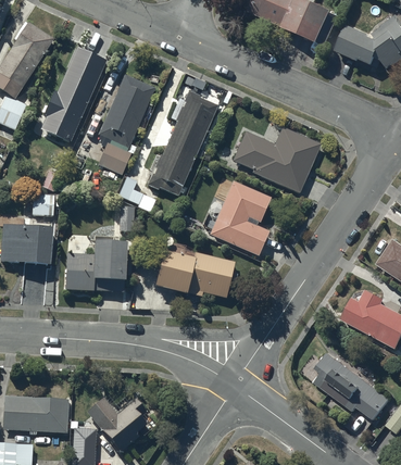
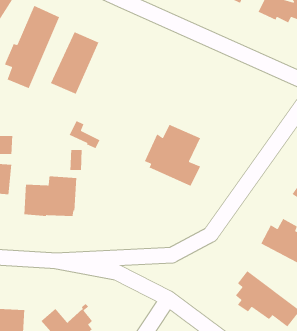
building: [148,89,217,193] -> none
building: [231,128,321,193] -> none
building: [97,143,129,175] -> none
building: [156,238,236,297] -> none

